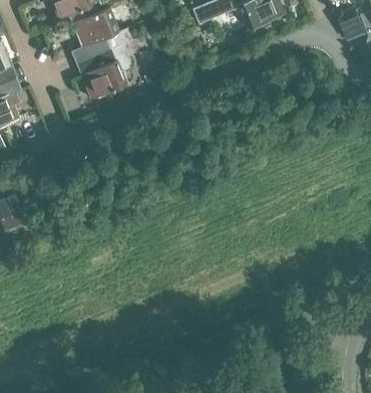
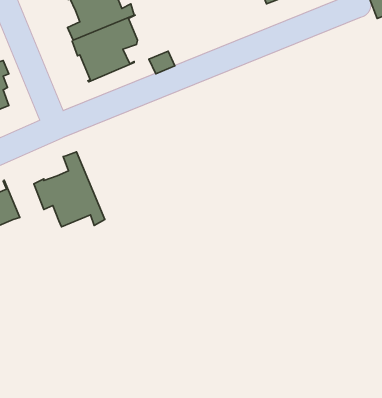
building: none -> [34,152,105,227]

